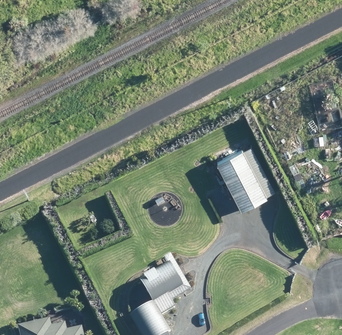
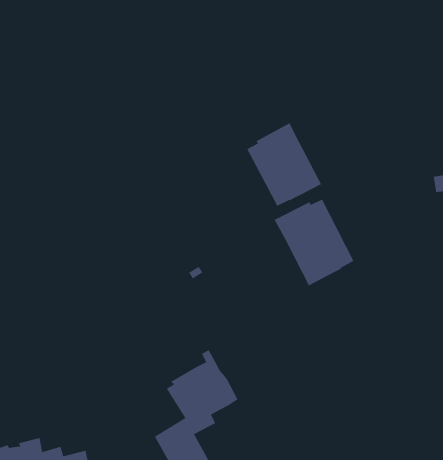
building: none -> [246,122,322,207]

